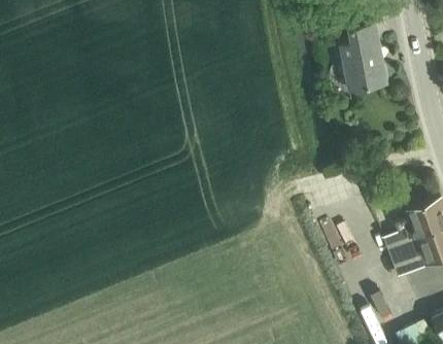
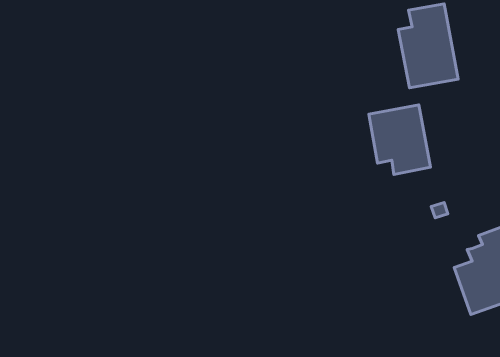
building: none -> [369,105,431,174]

